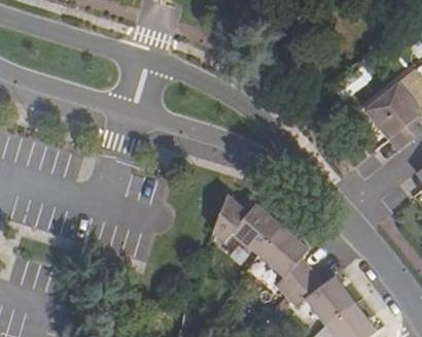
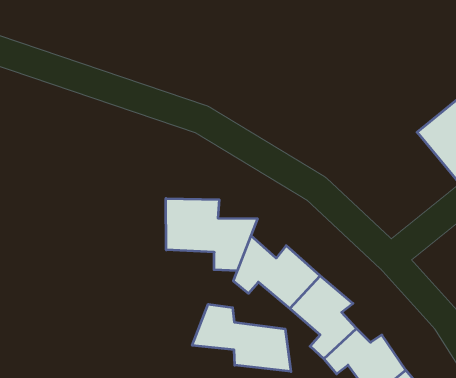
building: none -> [166,198,257,271]
building: none -> [192,304,291,372]

